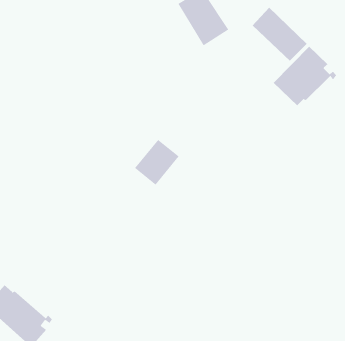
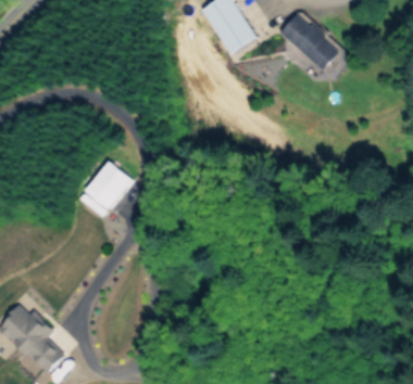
building: [273,46,337,106] -> none
building: [134,139,180,185] -> [86,161,134,209]

